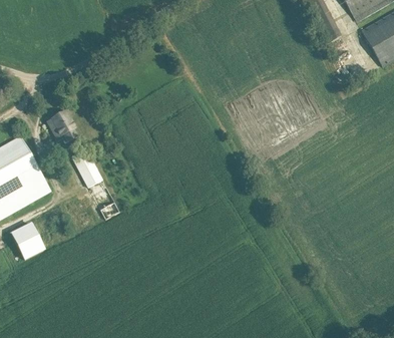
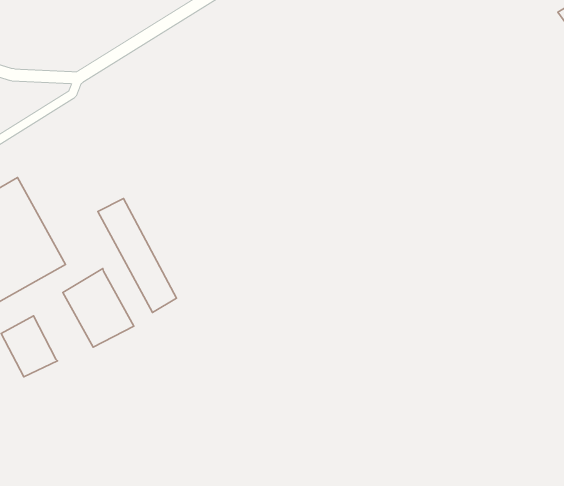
building: [47,110,77,143] -> none
building: none -> [63,268,134,347]

